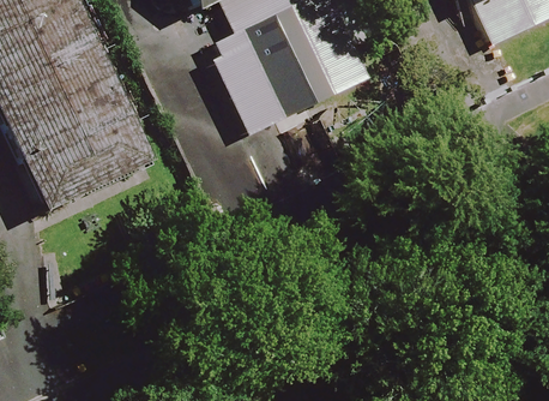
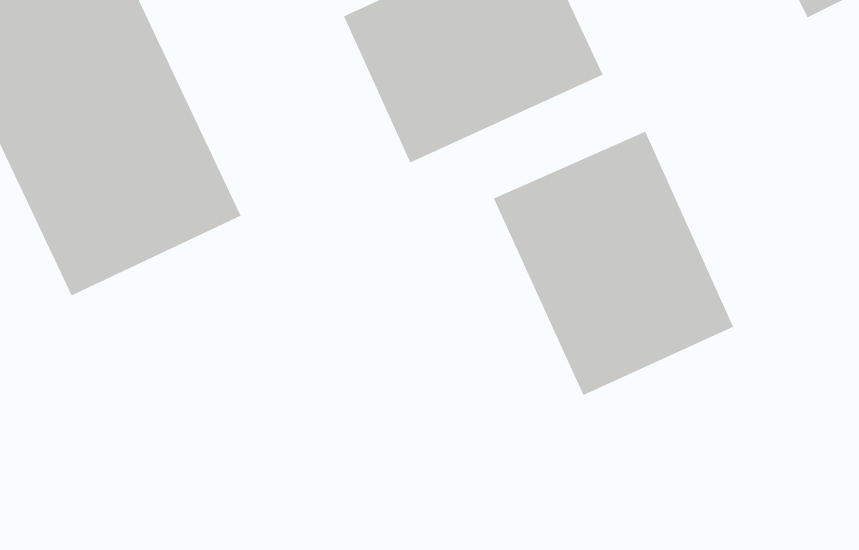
building: none -> [493,131,734,396]

